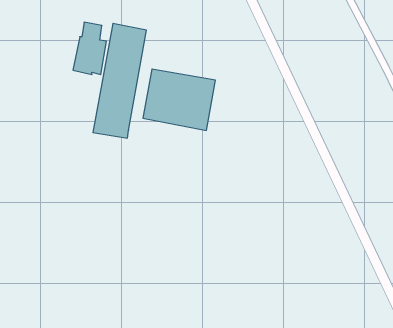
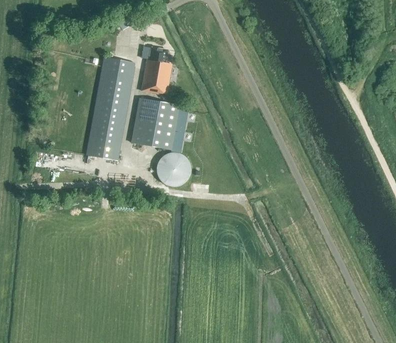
building: [73,22,106,75] -> [141,46,171,93]
building: none -> [156,151,191,186]

